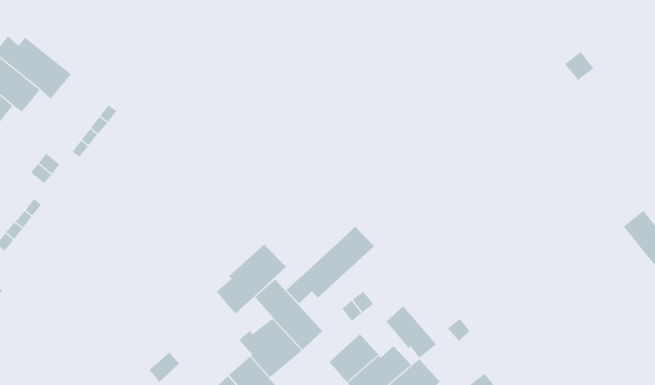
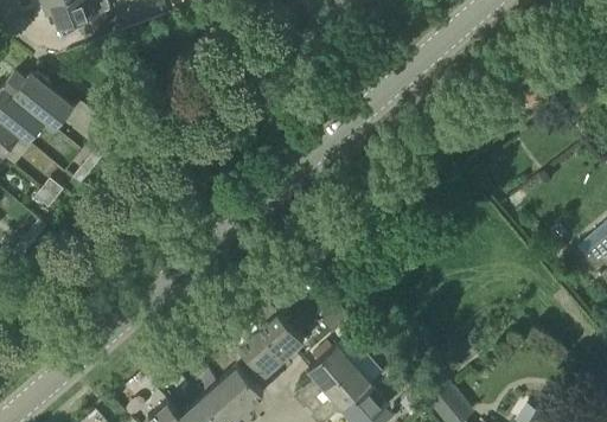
building: [285,226,375,304] -> none
building: [216,244,287,314] -> none
building: [386,306,437,358] -> none

